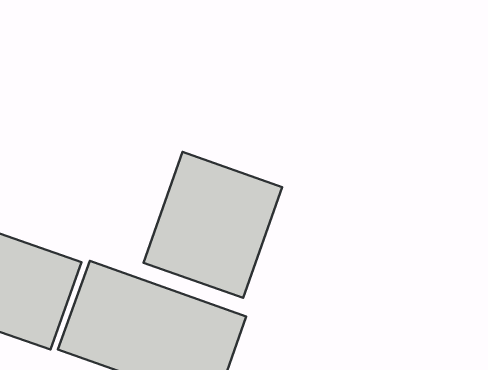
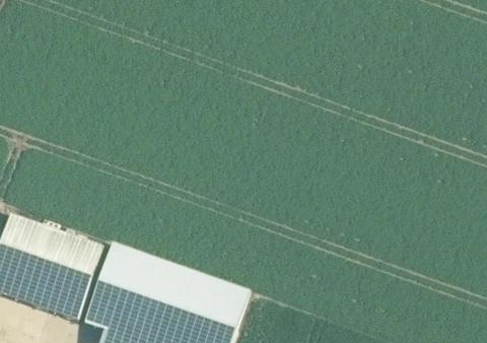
building: [144,152,282,298] -> none

